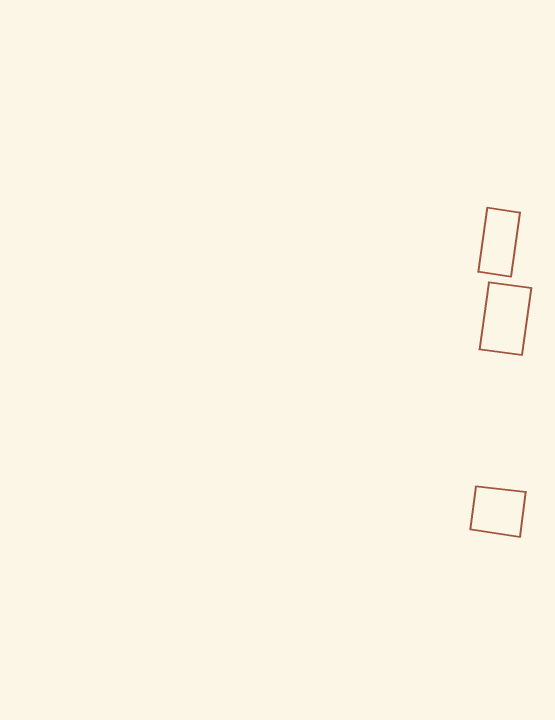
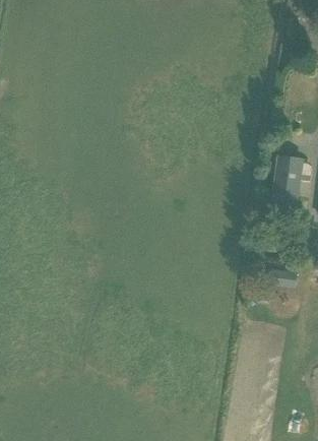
building: [478,208,520,277] -> none

